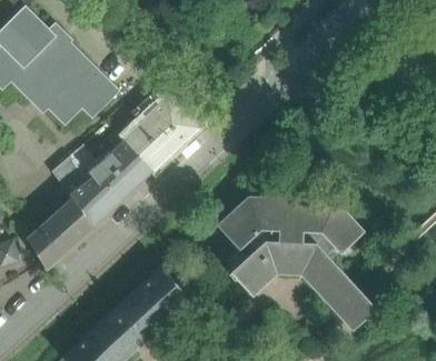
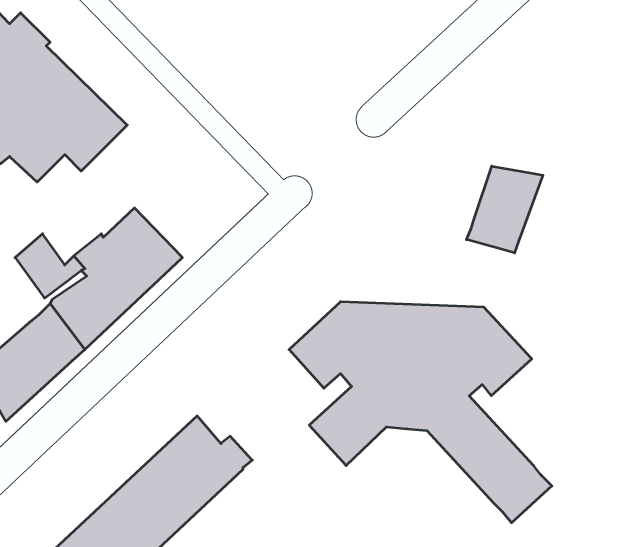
building: [121,96,198,170] -> none
building: none -> [466,166,543,253]

